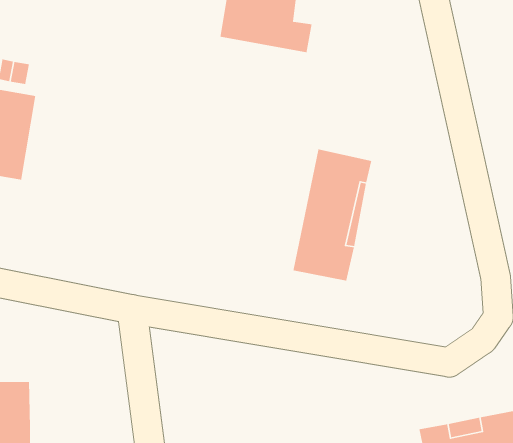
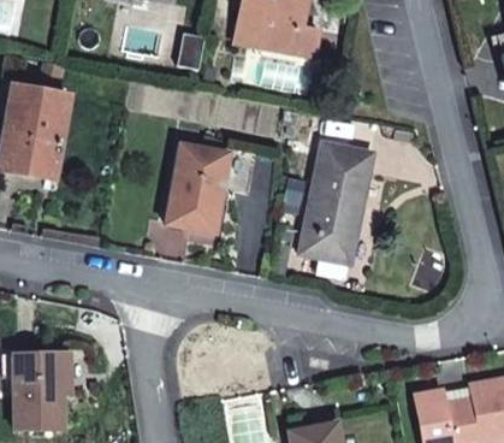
building: none -> [166,142,230,231]

